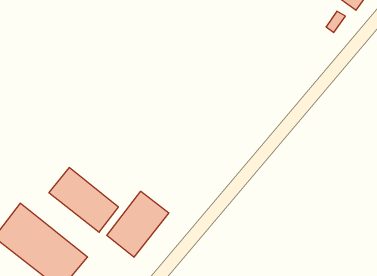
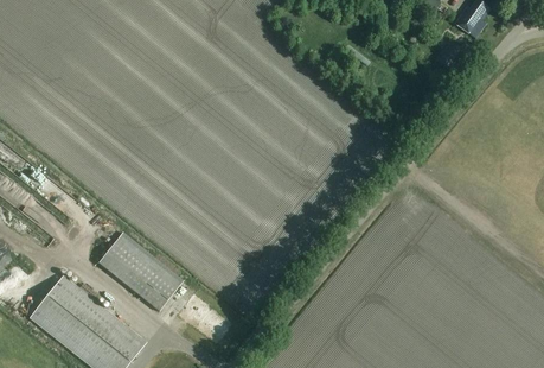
building: [107,191,169,257] -> none

